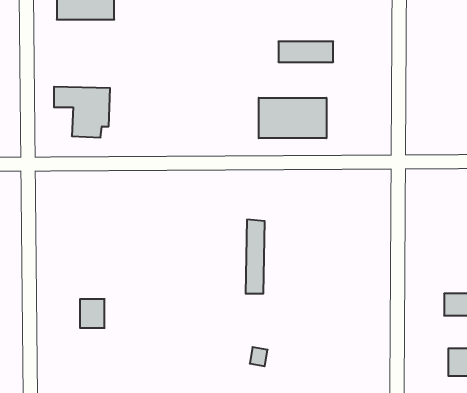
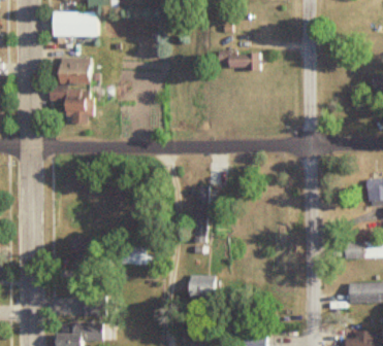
building: none -> [56,57,90,82]
building: [259,98,326,138] -> none
building: none -> [122,244,153,265]

